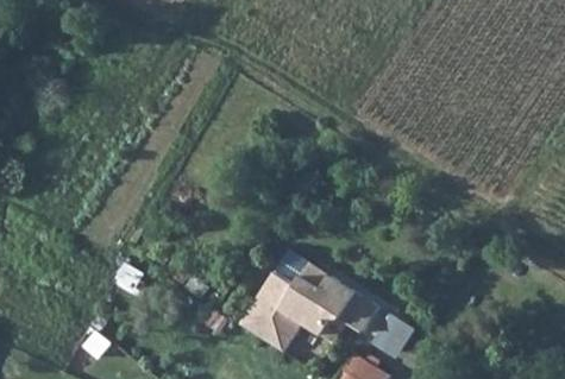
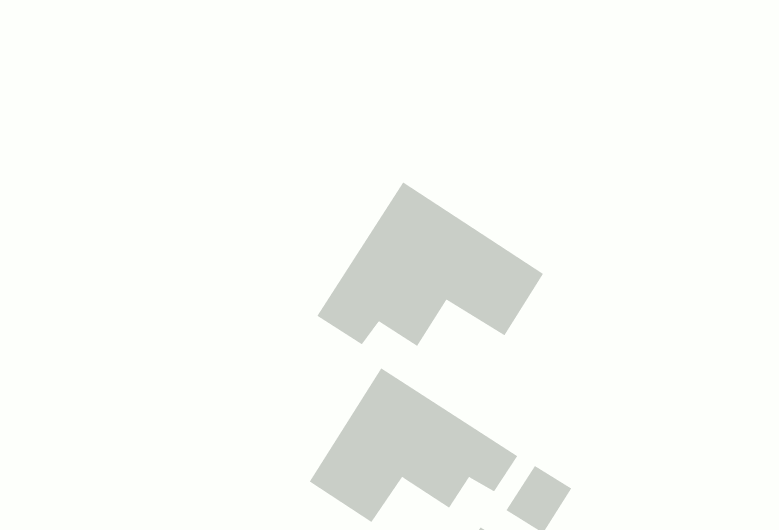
building: none -> [317,181,544,347]

